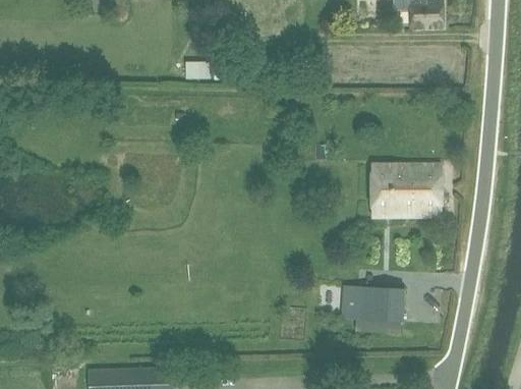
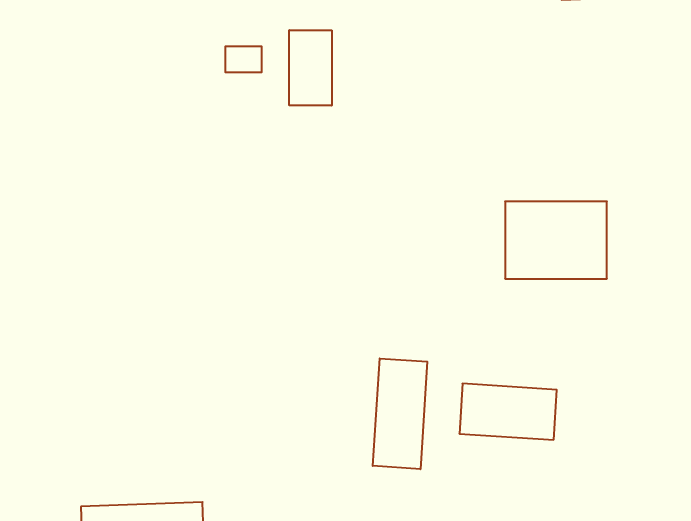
building: none -> [289,30,332,106]
building: none -> [373,358,427,469]

